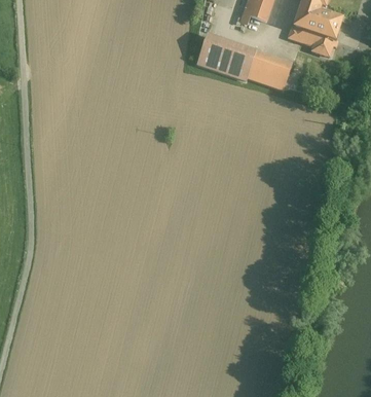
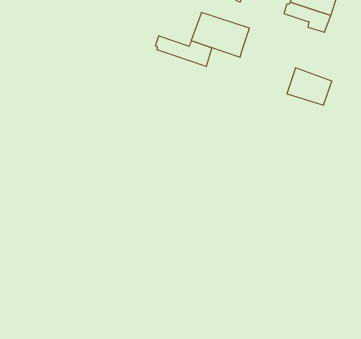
building: [246,51,290,88] -> [287,68,332,105]
building: none -> [156,36,212,67]

